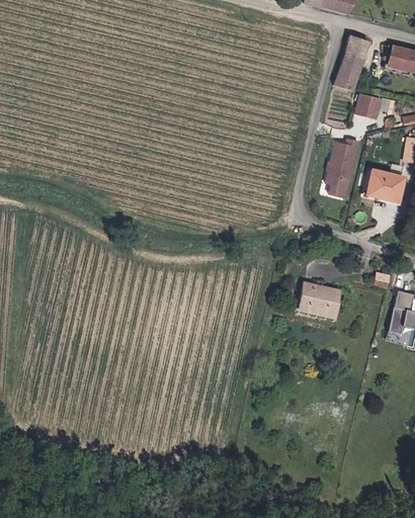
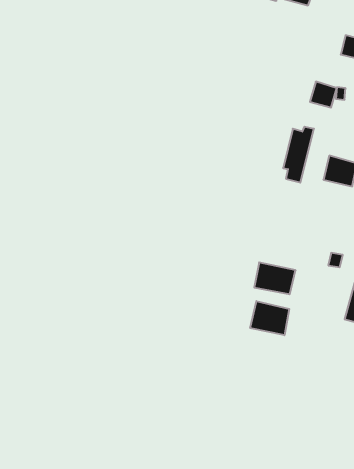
building: [333,35,368,91] -> none
building: none -> [250,301,289,335]

